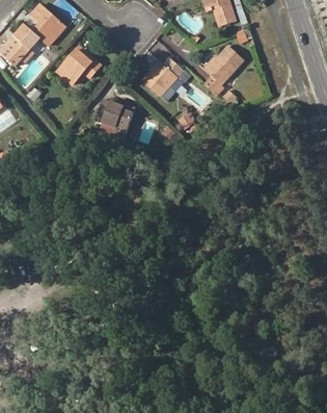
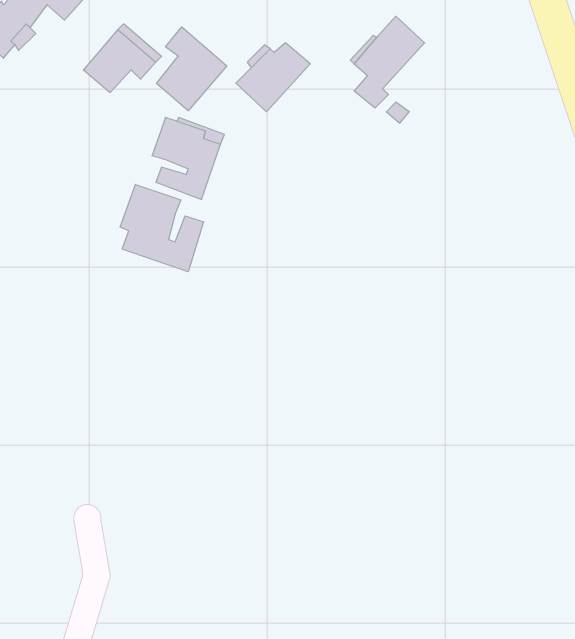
building: none -> [157,27,227,111]
building: none -> [120,184,204,272]

